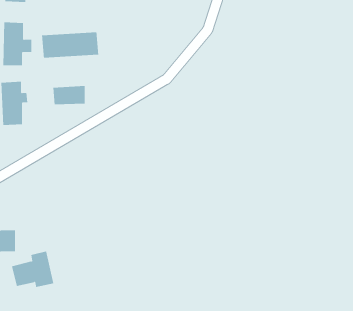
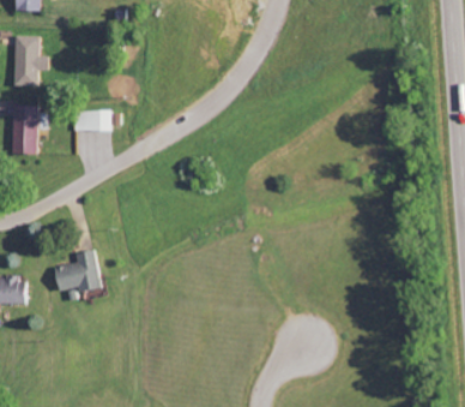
building: [42,32,99,58] -> none
building: [11,251,54,288] -> [50,250,101,293]

